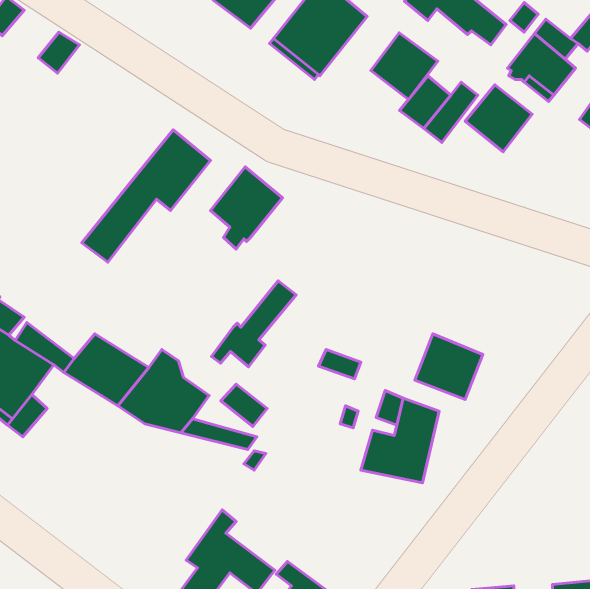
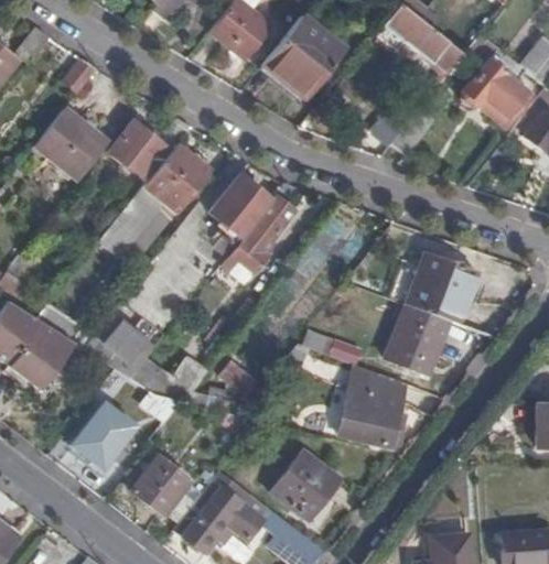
building: [371,33,438,99] -> none
building: [465,85,532,152] -> none
building: none -> [36,111,108,180]
building: none -> [109,118,190,183]
building: none -> [405,252,477,324]
building: [211,281,296,367] -> [222,199,294,273]
building: none -> [72,403,134,468]
building: none -> [272,452,338,520]
building: none -> [132,456,191,517]

